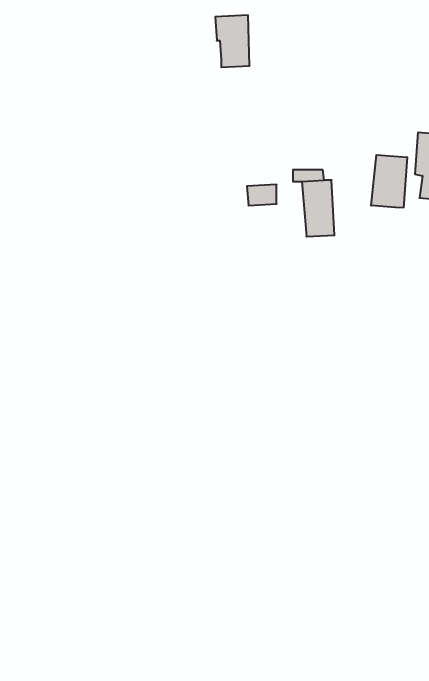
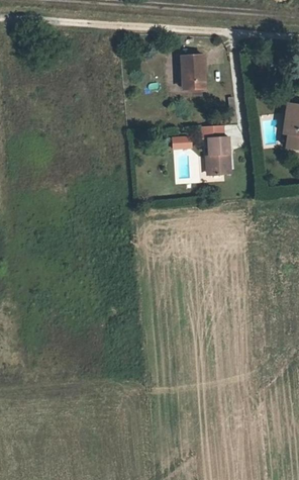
building: [215,15,250,67] -> [183,55,206,90]
building: [371,155,407,208] -> none

